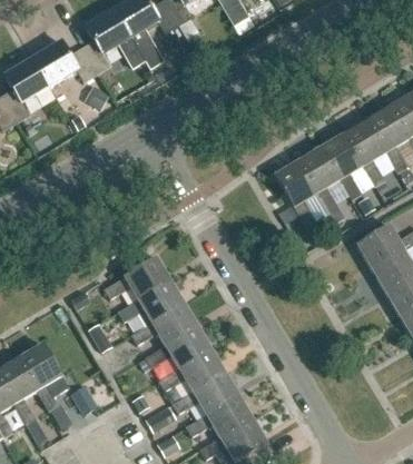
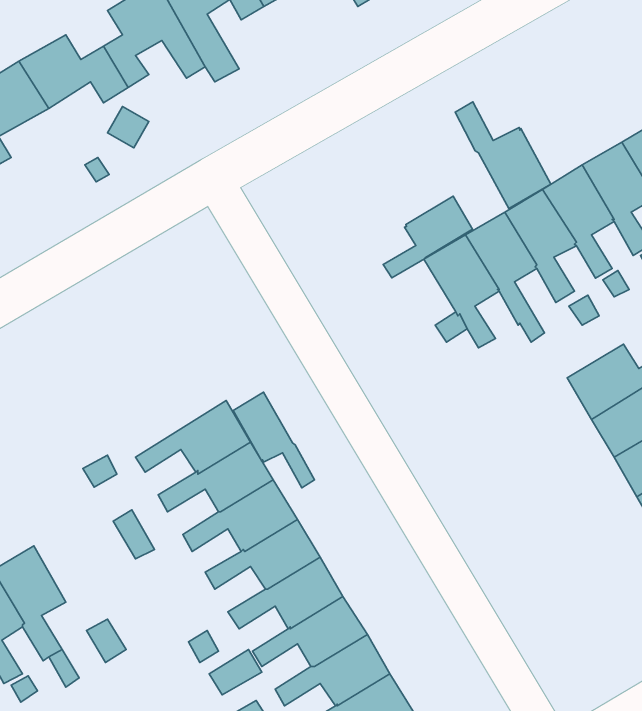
building: none -> [455,102,551,209]
building: none -> [383,196,472,278]
building: none -> [233,392,315,488]

